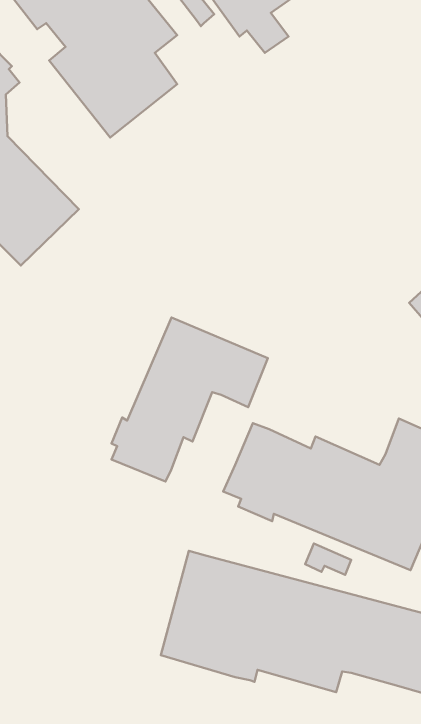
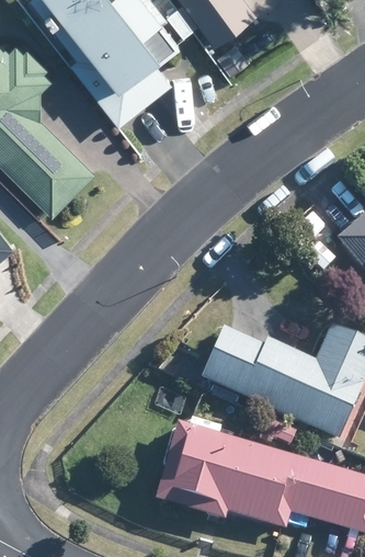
building: [111,317,268,482] -> none

